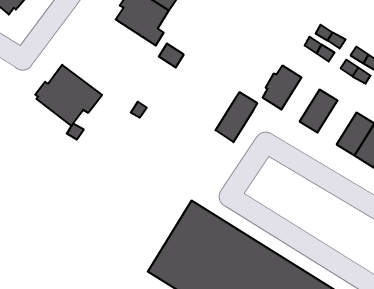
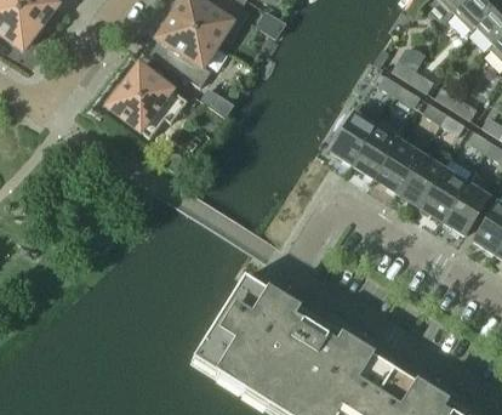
building: [35,65,102,126] -> [107,64,188,138]
building: [215,92,257,142] -> [354,119,405,180]
building: none -> [398,154,445,208]

